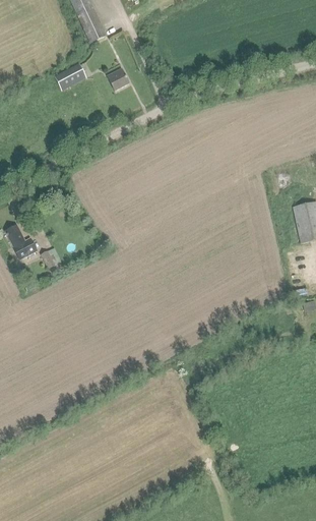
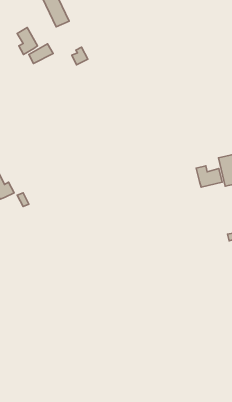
building: none -> [17,27,38,55]
building: none -> [196,166,222,187]

